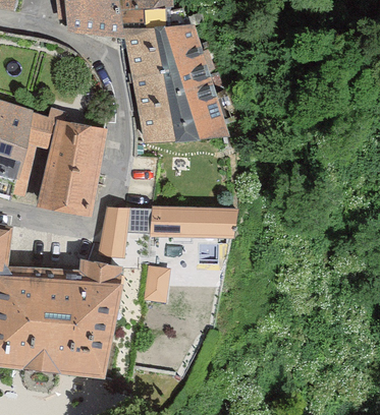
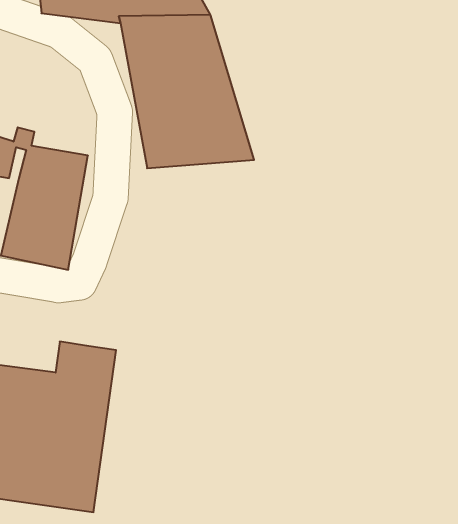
building: [100,206,235,254] -> none
building: [143,266,171,303] -> none

